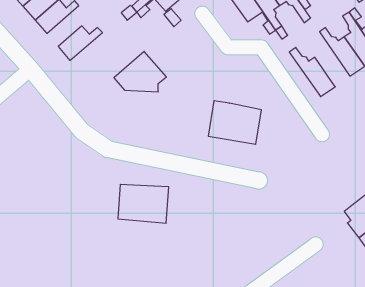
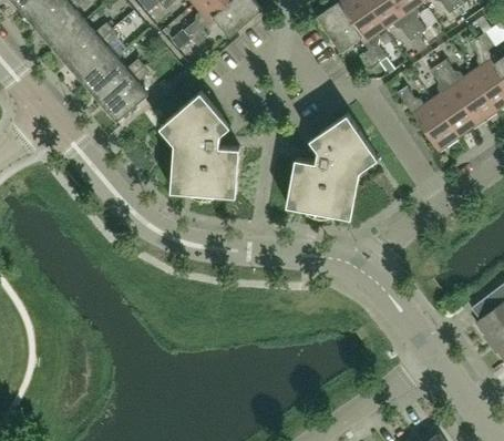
building: none -> [69,30,117,85]
building: none -> [429,65,479,140]
building: none -> [100,66,148,123]
building: none -> [310,114,378,171]
building: [118,184,169,223] -> [171,144,239,196]

